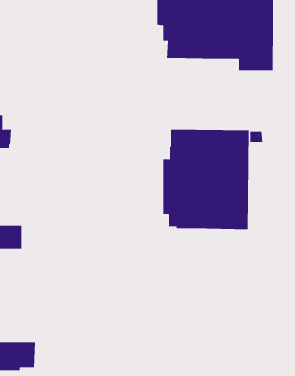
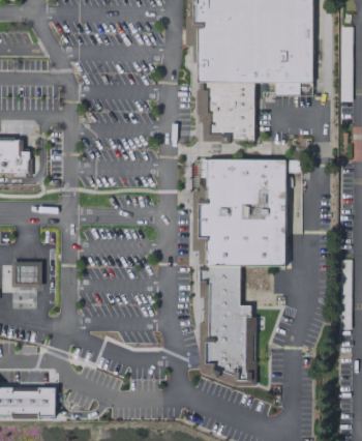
building: none -> [197,81,255,143]
building: none -> [201,265,258,386]

